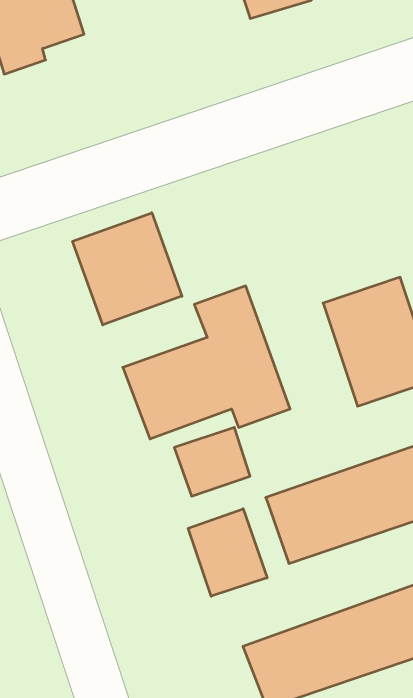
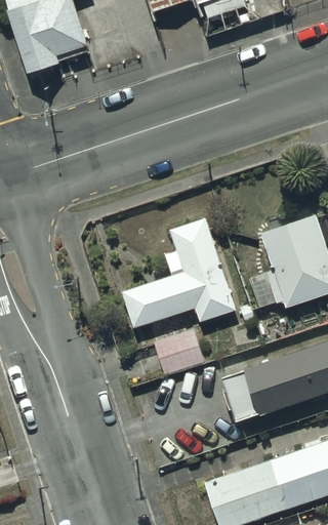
building: [73,213,182,325] -> none
building: [188,509,267,596] -> none

